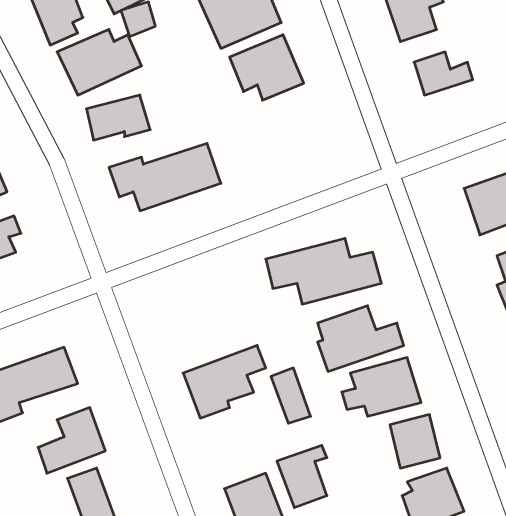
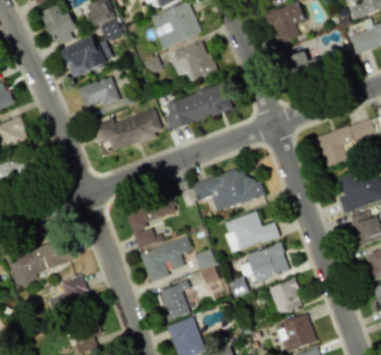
building: none -> [164,84,232,127]
building: none -> [124,193,175,248]
building: [277,445,327,508] -> [158,280,189,319]

